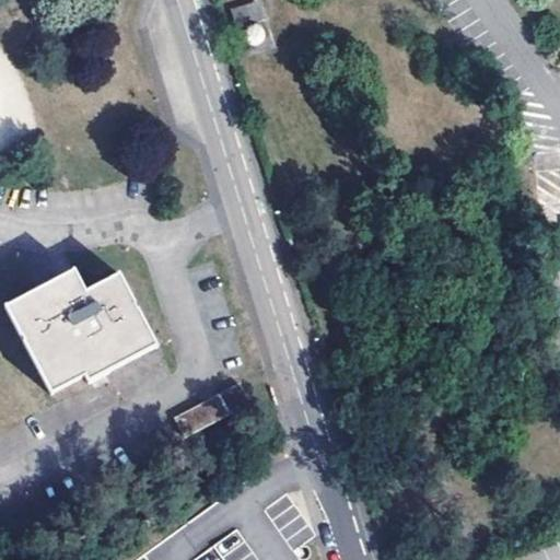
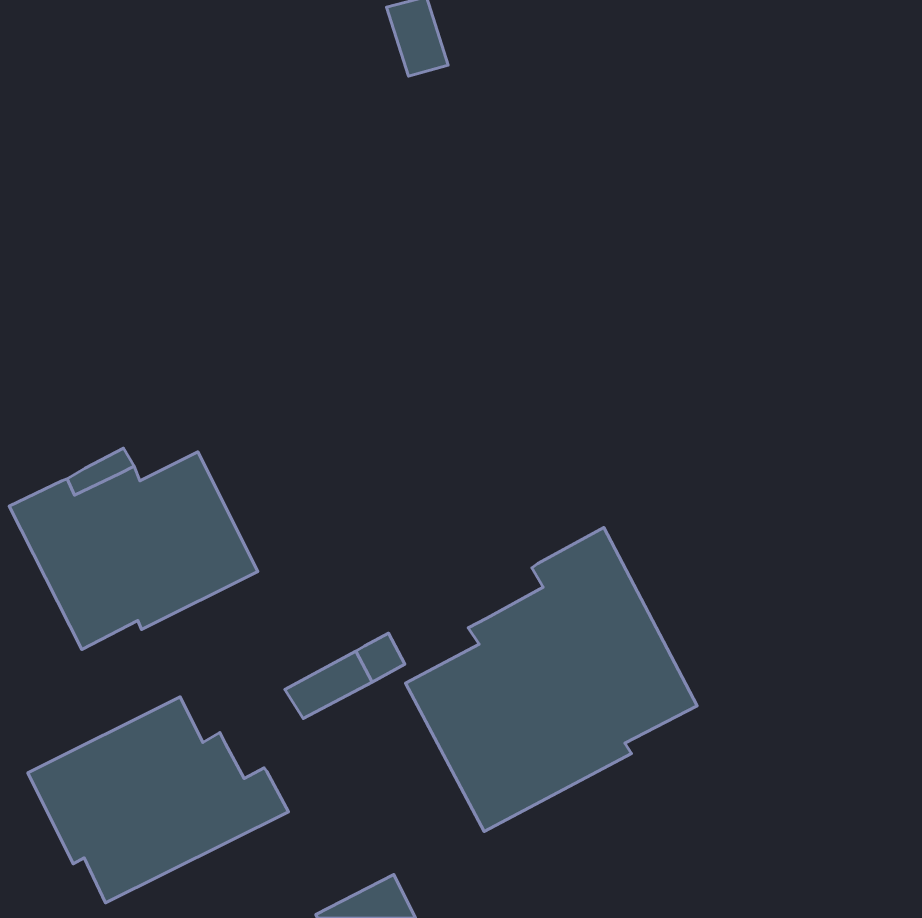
building: none -> [406,527,697,831]
building: none -> [28,697,288,903]

